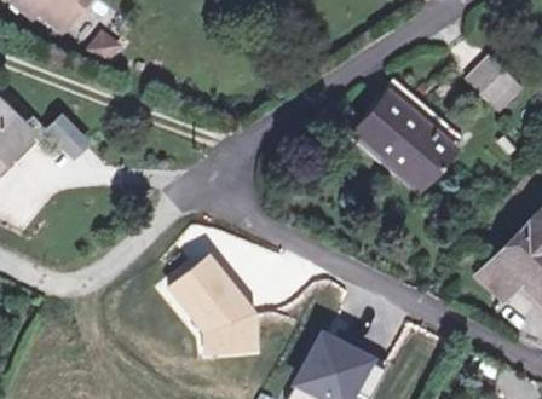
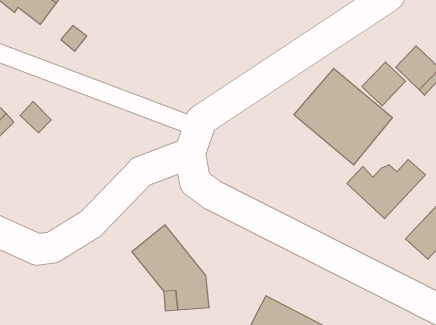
building: none -> [362,62,406,106]
building: none -> [347,160,425,219]

